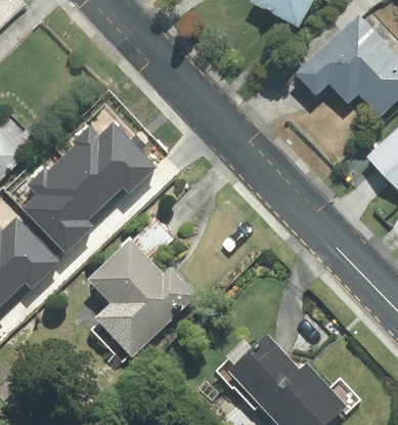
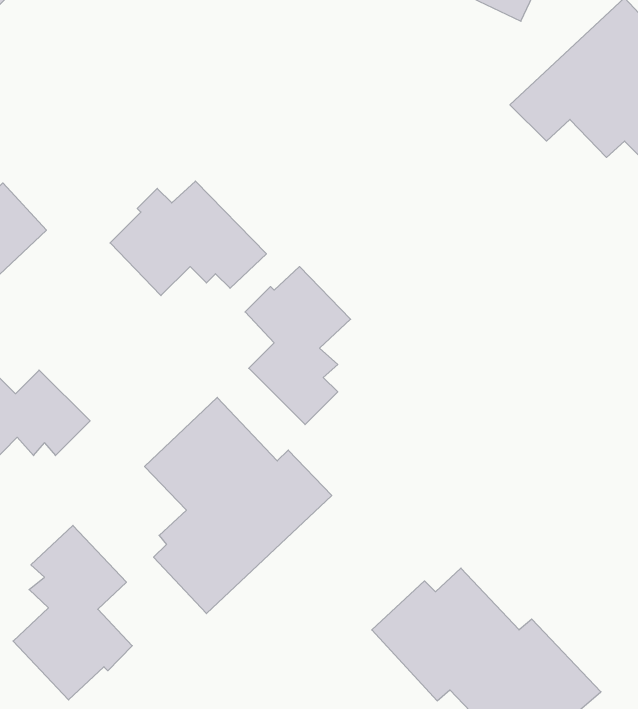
building: [39,153,98,242] -> [245,267,351,425]
building: none -> [13,525,132,700]

